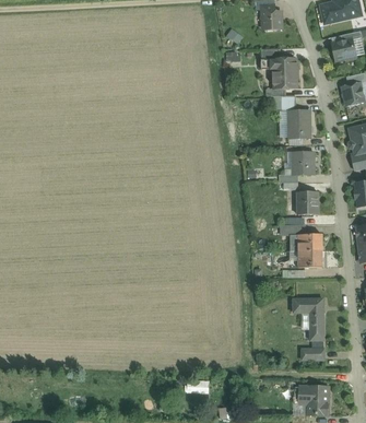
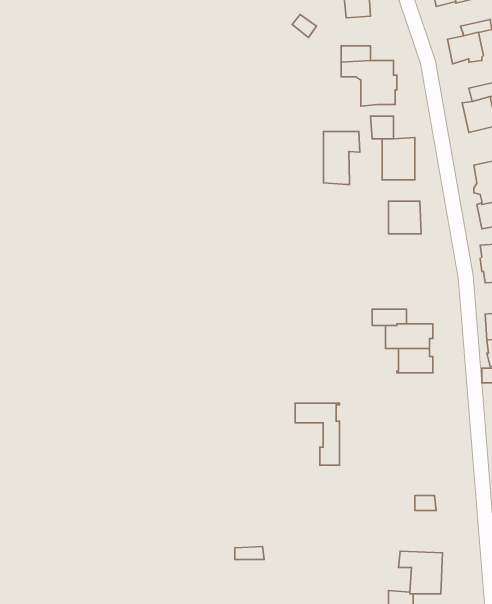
building: none -> [323,131,360,185]
building: [296,191,317,213] -> none
building: [293,298,322,340] -> [295,403,339,465]

